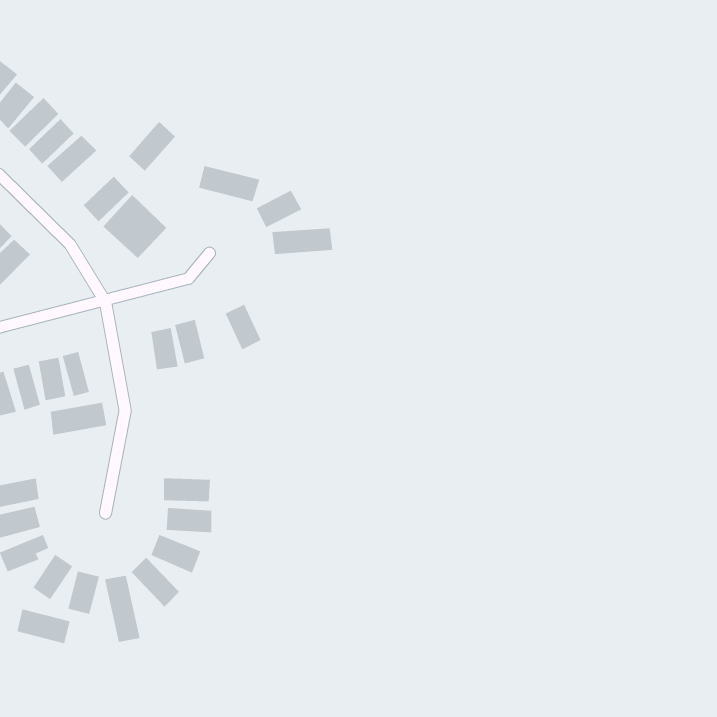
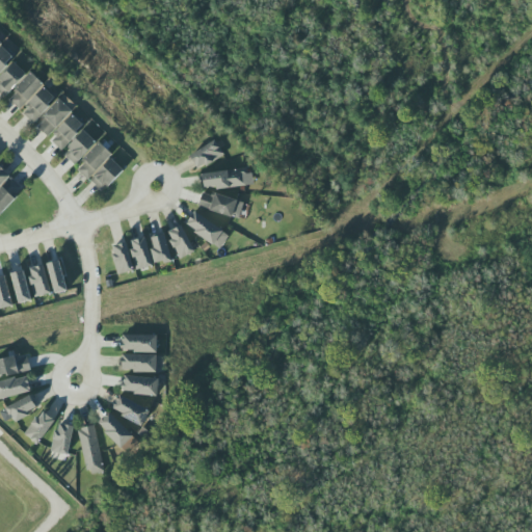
building: [128,121,176,172] -> [49,112,84,150]
building: [198,165,260,202] -> [197,190,243,217]
building: none -> [184,211,229,248]
building: none -> [148,231,170,263]
building: [50,402,107,435] -> none
building: none -> [122,335,156,351]
building: [17,608,70,644] -> none

